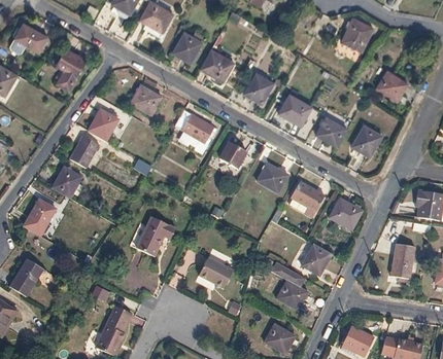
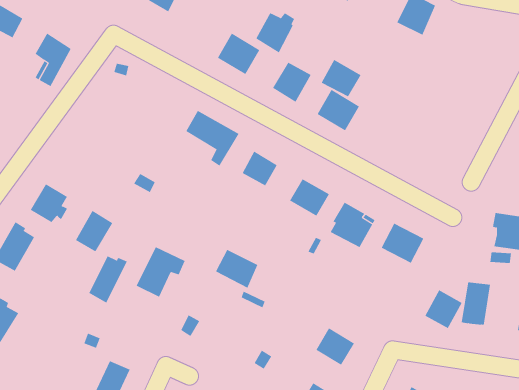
building: [172,31,203,63] -> [256,12,295,53]
building: [377,70,407,100] -> none
building: [131,85,162,115] -> none
building: [89,109,118,140] -> none
building: [315,115,347,145] -> [321,59,362,97]
building: [351,124,382,156] -> none
building: [70,135,100,168] -> [75,210,113,252]
building: none -> [88,256,127,303]
building: [302,244,332,275] -> [424,290,462,329]
building: [199,257,233,288] -> [215,249,258,288]

